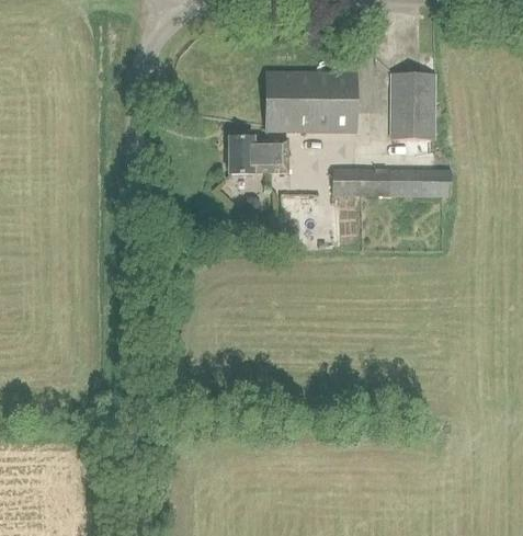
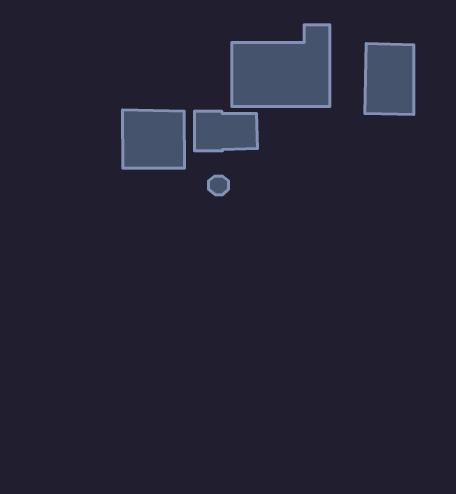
building: none -> [123,110,184,168]
building: [332,168,451,196] -> none

